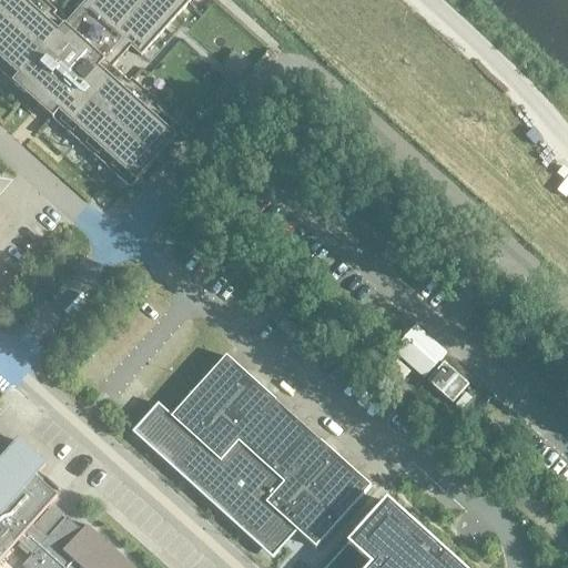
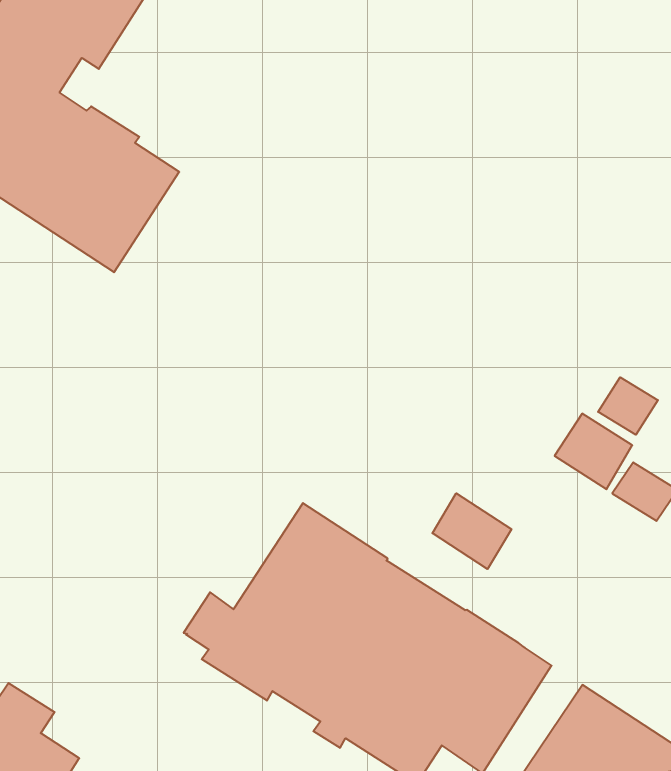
building: none -> [598,377,658,435]
building: none -> [432,493,511,569]

